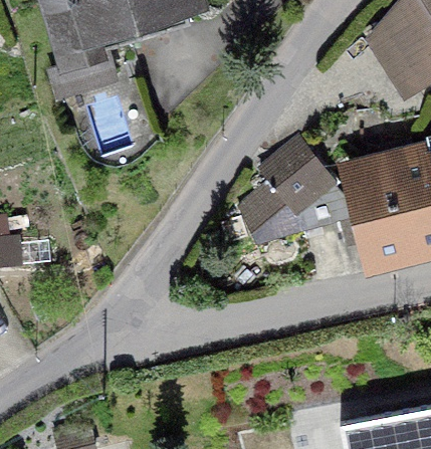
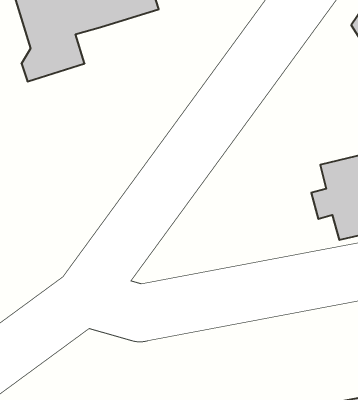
building: [240,139,329,241] -> none

